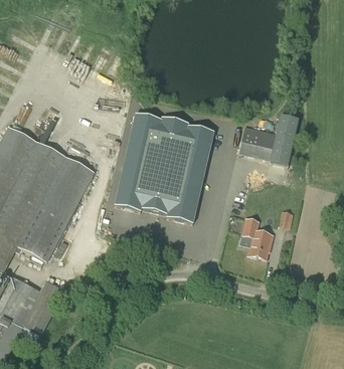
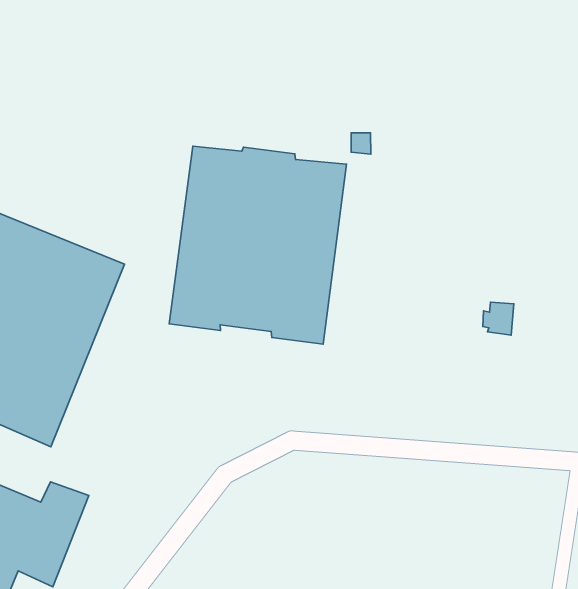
building: [239,115,297,165] -> none
building: [241,217,272,258] -> none

